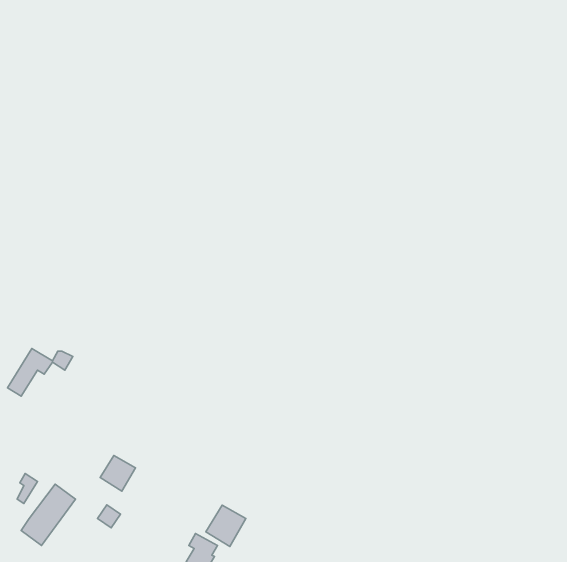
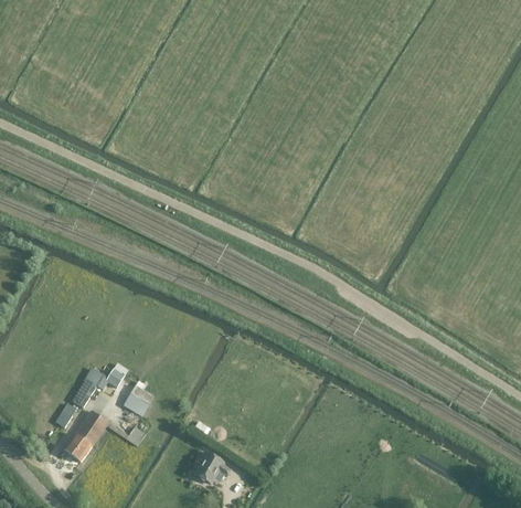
building: [7,348,73,396] -> [71,368,124,406]
building: [206,505,246,546] -> none

